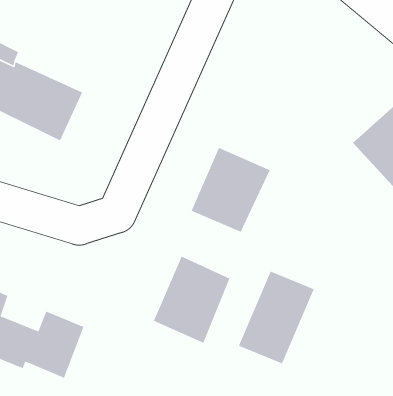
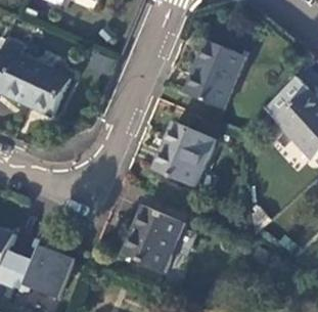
building: none -> [183,40,243,109]
building: [238,271,315,365] -> none

